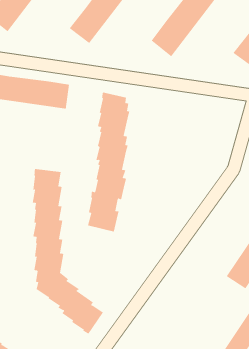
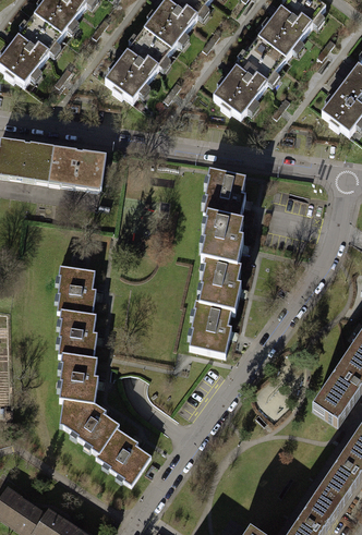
building: [87,92,130,232] -> [189,169,245,354]

